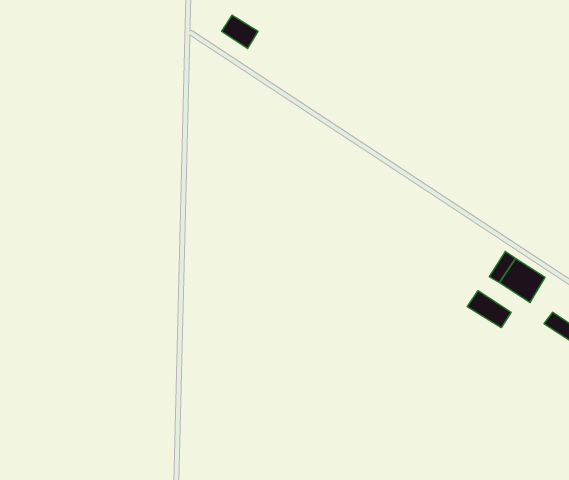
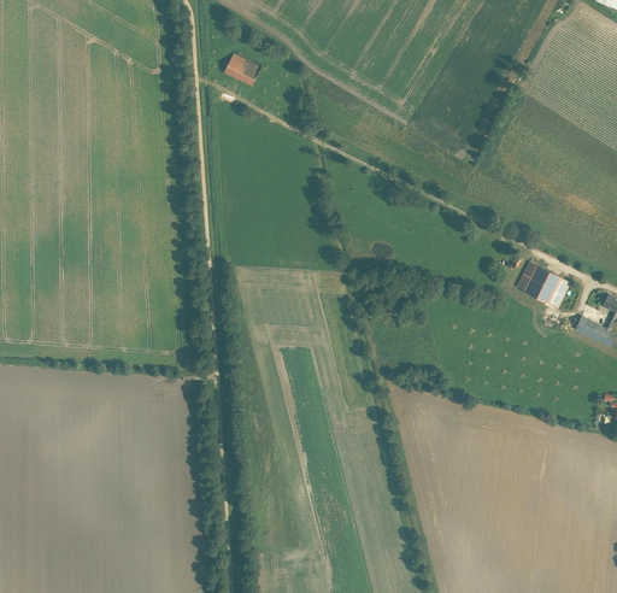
building: [467,291,511,328] -> none

